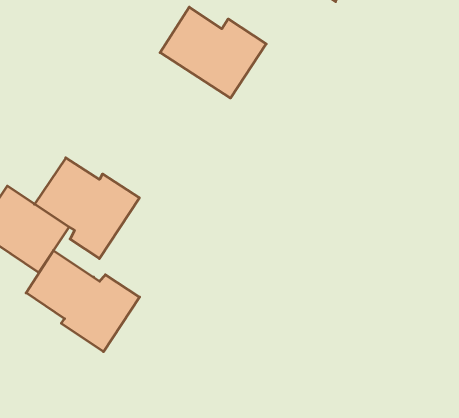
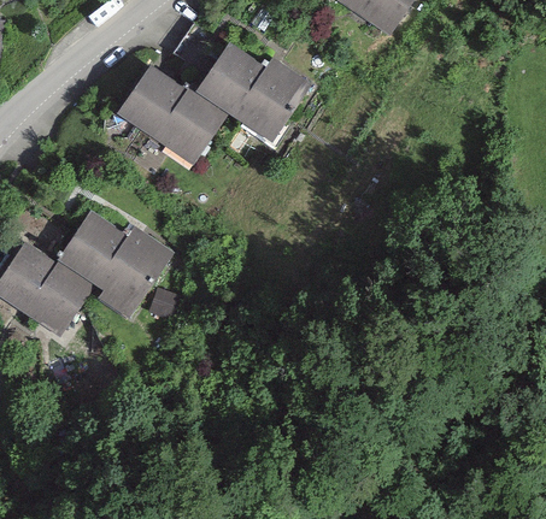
building: none -> [117,64,227,164]
building: [26,250,140,352] -> none

